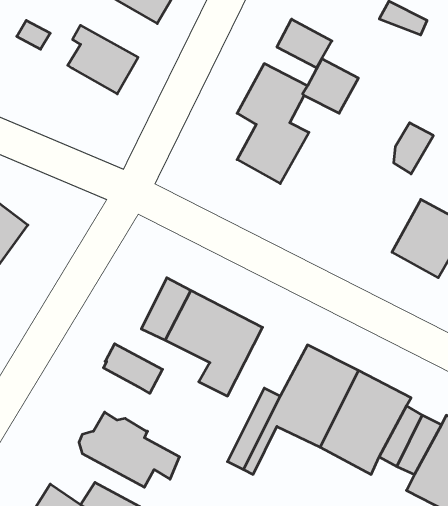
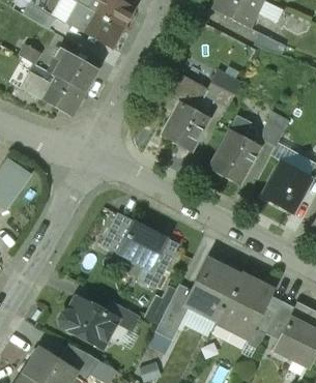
building: [277,19,332,68] -> none
building: none -> [21,71,84,116]
building: none -> [208,128,261,184]
building: [103,344,163,393] -> [102,300,140,332]

